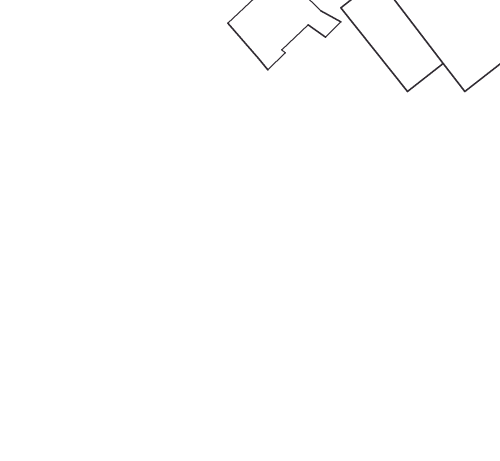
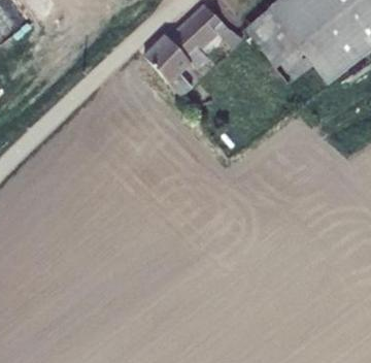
building: none -> [143,33,192,96]

